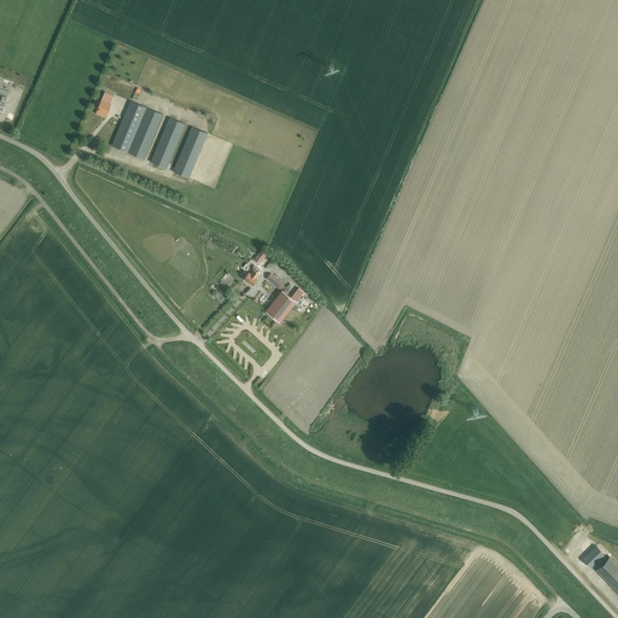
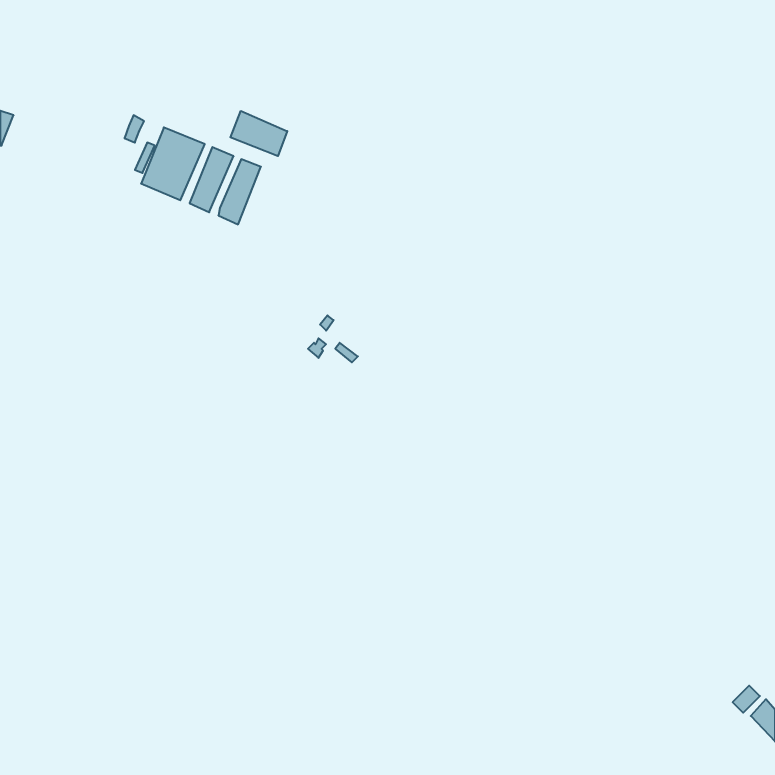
building: none -> [230,111,287,156]
building: [266,287,304,322] -> none

